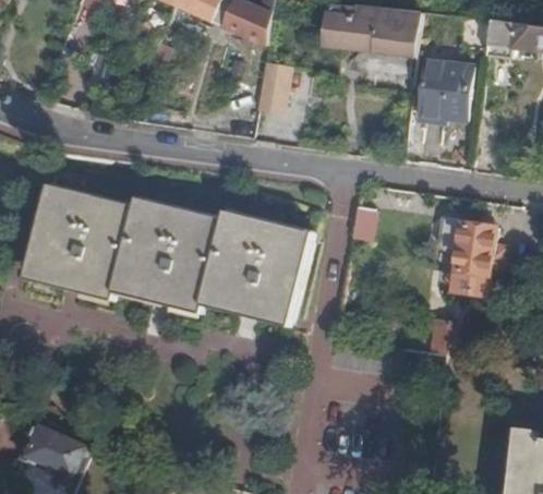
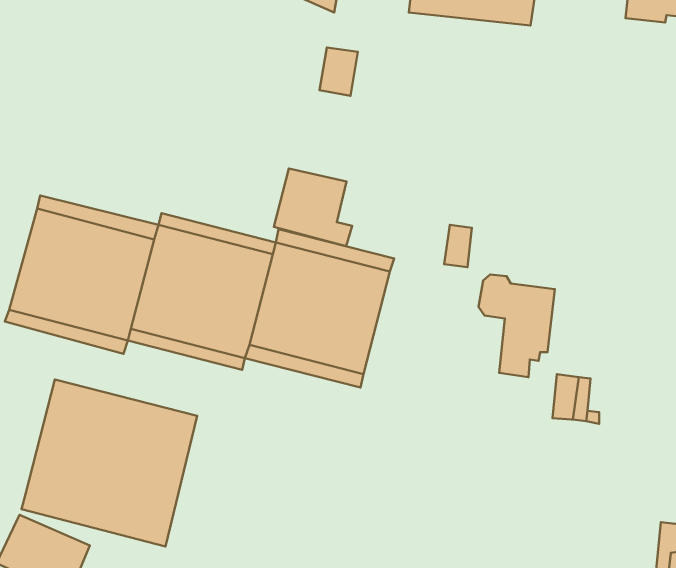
building: [417,60,471,123] -> none
building: none -> [274,168,352,246]
building: [438,214,495,290] -> [479,275,555,377]
building: none -> [22,380,197,546]

